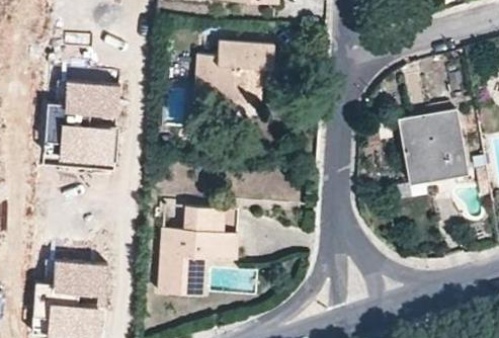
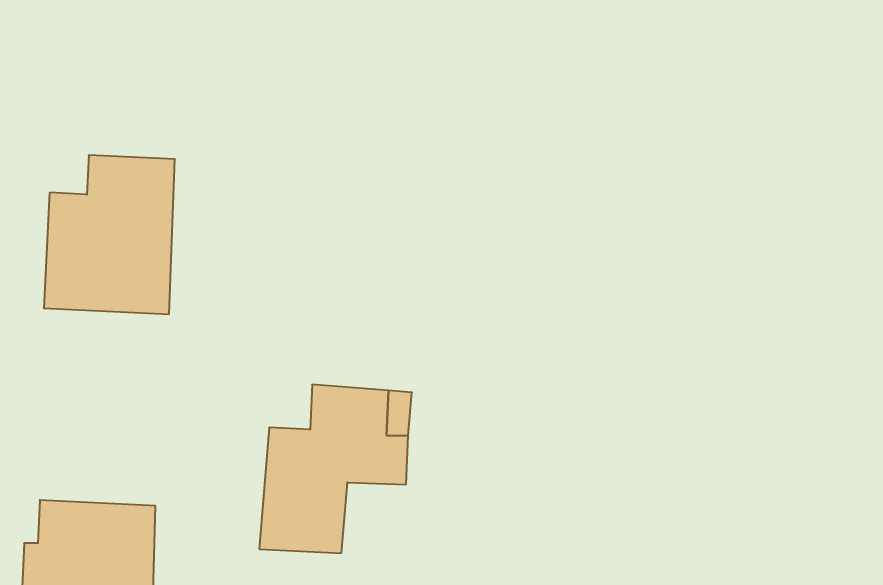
building: [195,40,273,100] -> none
building: [401,109,466,179] -> none

